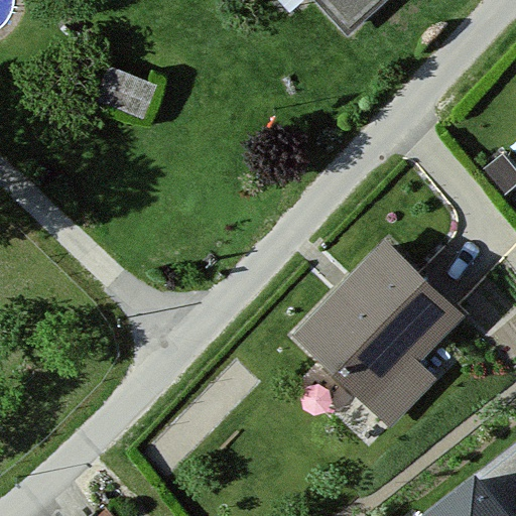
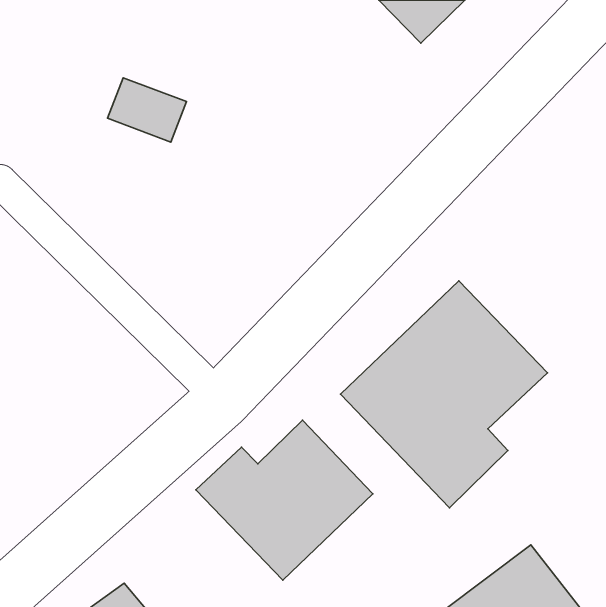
building: none -> [196,420,373,580]

